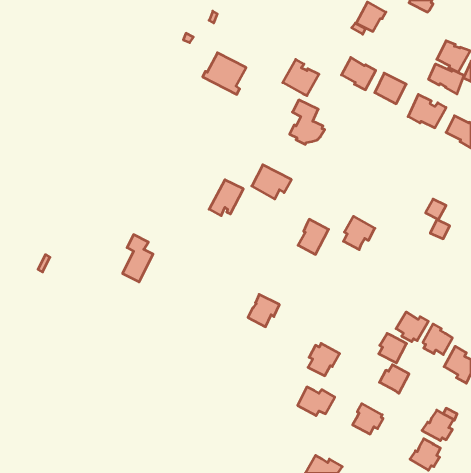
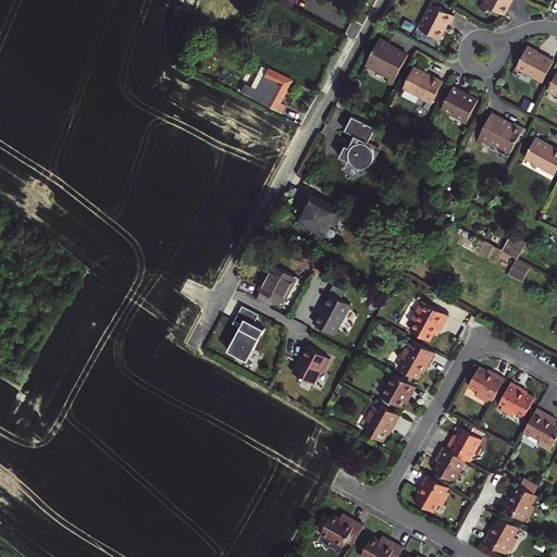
building: [283,59,319,96] -> [364,38,407,81]
building: [429,64,464,94] -> none
building: [209,180,243,216] -> [255,264,295,307]
building: [343,216,375,250] -> [409,301,446,341]
building: [298,219,329,254] -> [311,293,347,334]
building: [123,235,153,282] -> [227,307,263,362]
building: none -> [397,341,434,379]
building: none -> [379,373,414,408]
building: [379,333,407,363] -> [432,447,465,482]
building: [298,387,335,416] -> [320,513,363,547]

